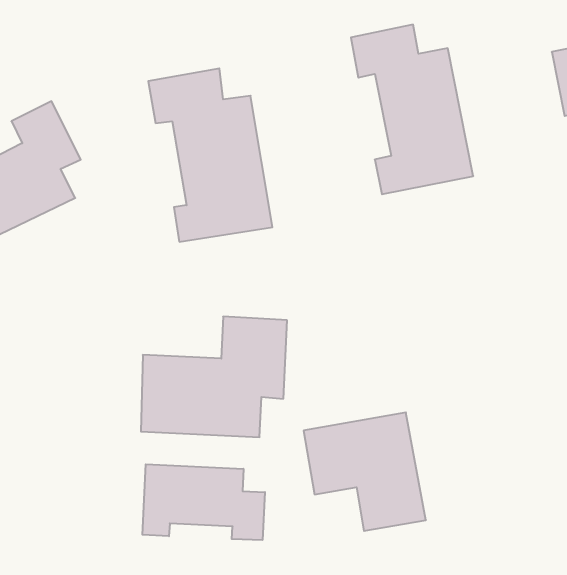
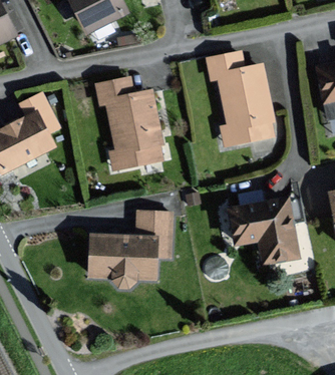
building: [304,412,426,531] -> [231,198,298,263]
building: [142,464,265,540] -> none

